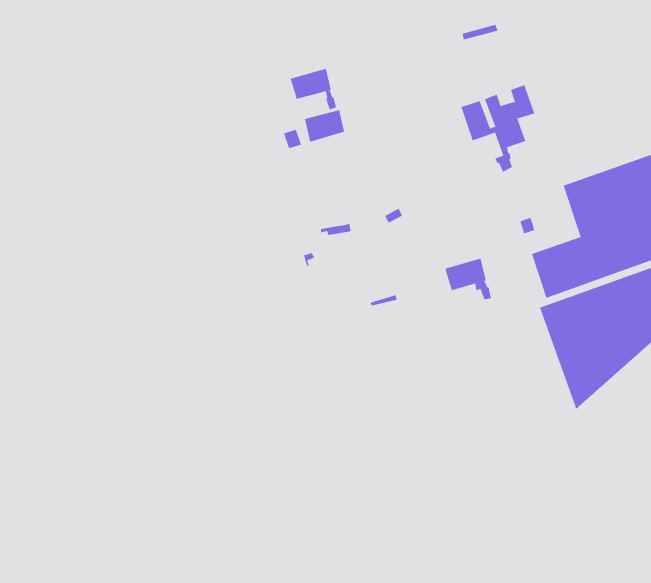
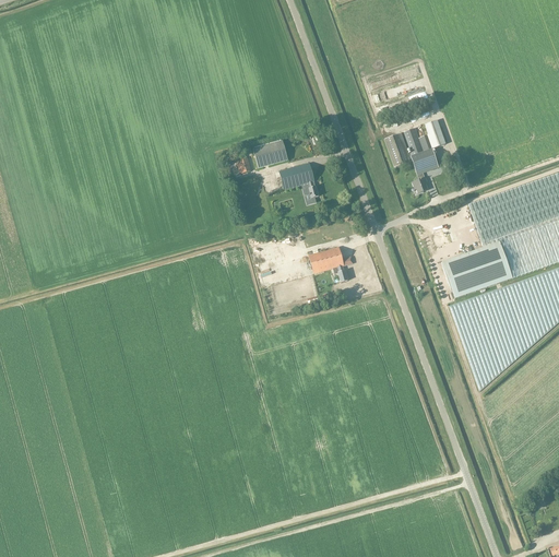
building: [290,68,337,110] -> [280,162,319,197]
building: [444,258,492,300] -> [309,246,348,281]

